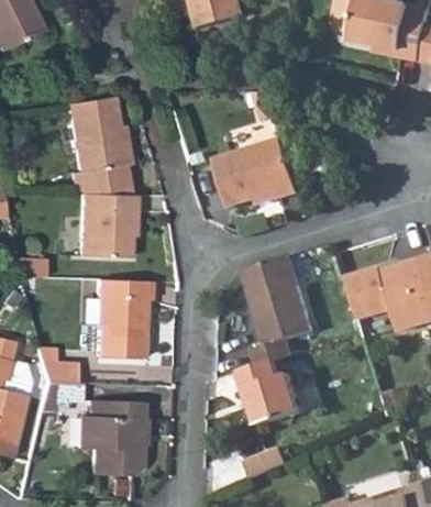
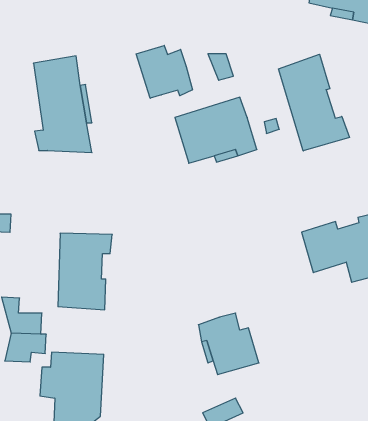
building: none -> [136,45,192,98]
building: none -> [278,54,350,151]
building: [79,192,135,258] -> none
building: [242,254,312,365] -> none

